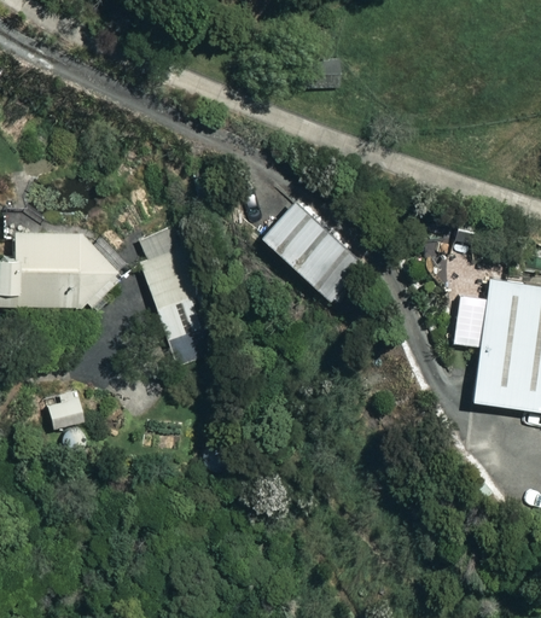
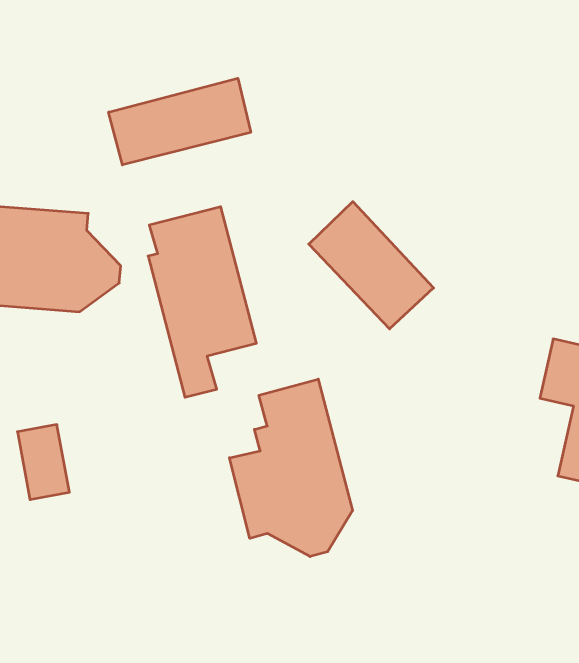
building: none -> [109,78,251,165]
building: none -> [229,379,353,557]

